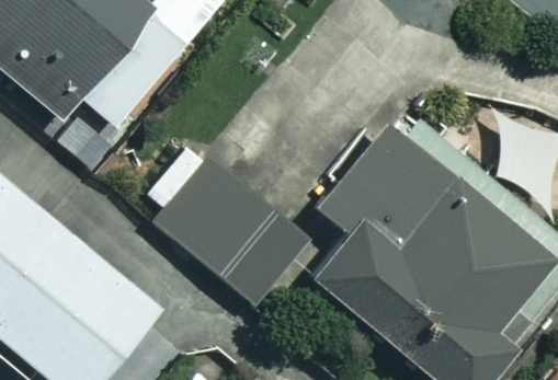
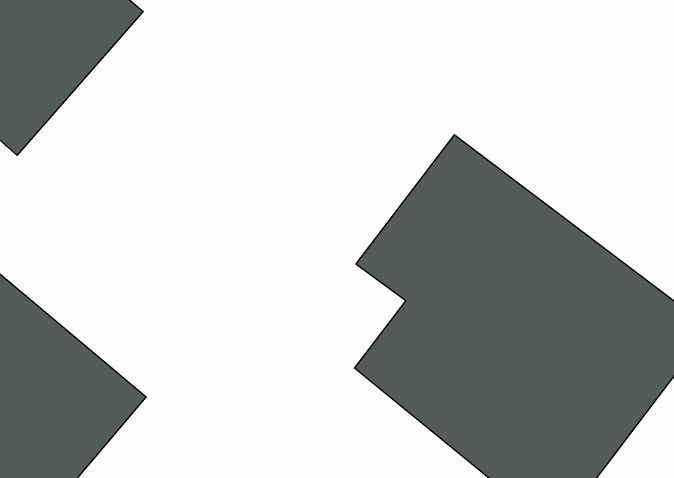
building: [159,165,305,306] -> none

